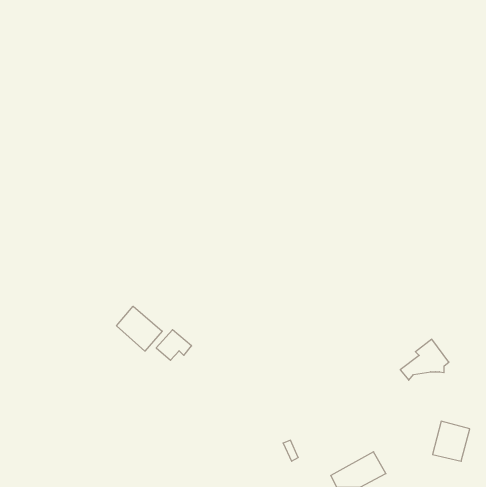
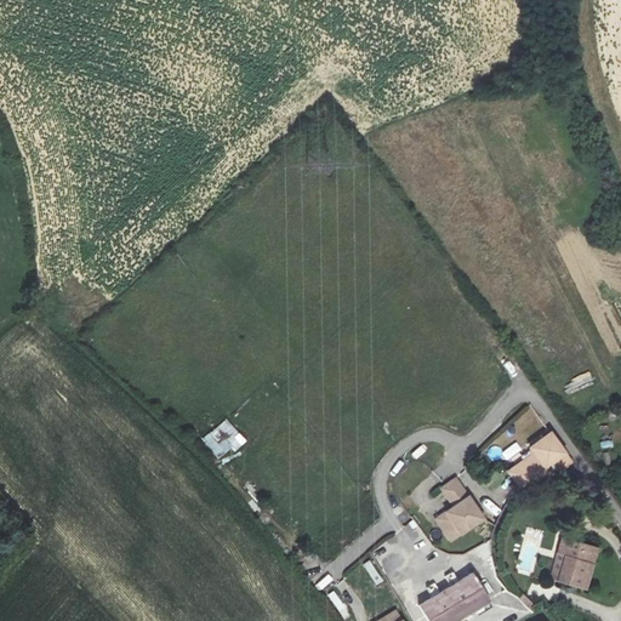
building: [117,306,162,351] -> none
building: none -> [435,479,483,540]

